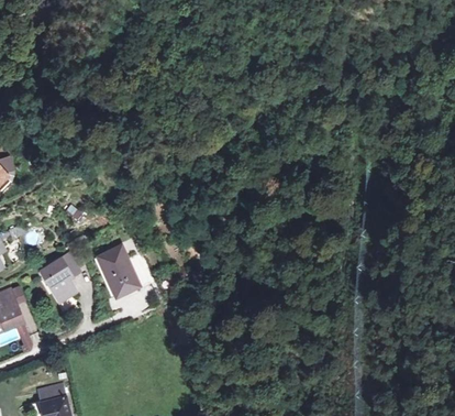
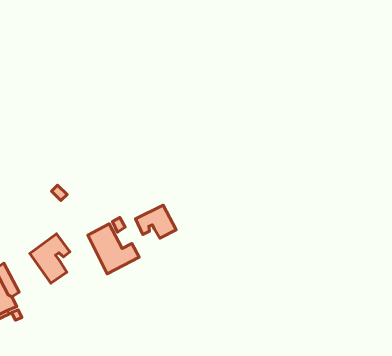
building: none -> [135,205,176,238]

